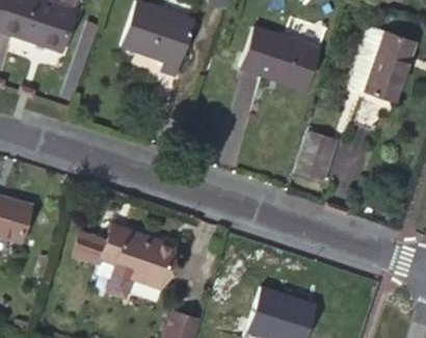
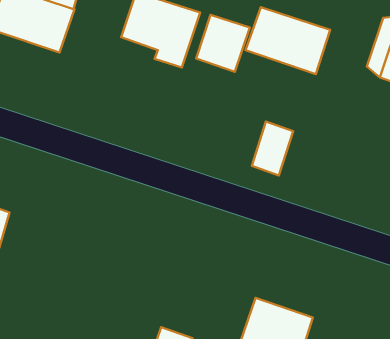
building: none -> [196,15,250,72]
building: [302,125,342,177] -> [252,122,293,176]
building: [70,234,168,292] -> none

